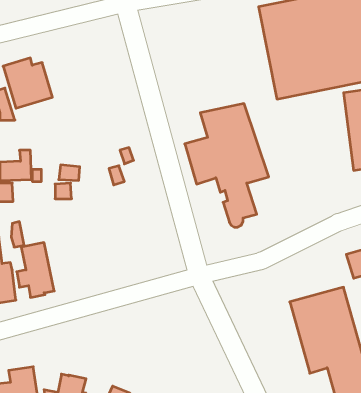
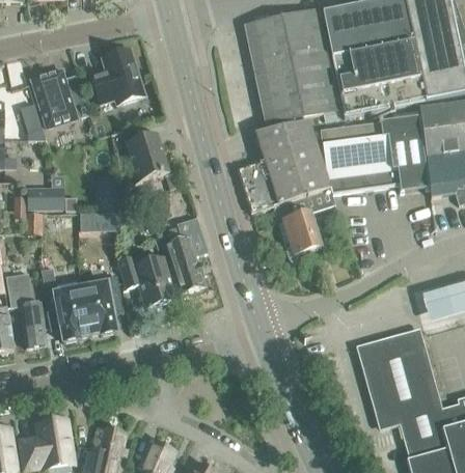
building: none -> [244,8,337,123]
building: none -> [90,47,144,103]
building: none -> [319,115,427,192]
building: none -> [125,131,168,182]
building: none -> [170,216,207,291]
building: none -> [117,254,176,307]
building: none -> [78,276,122,333]

